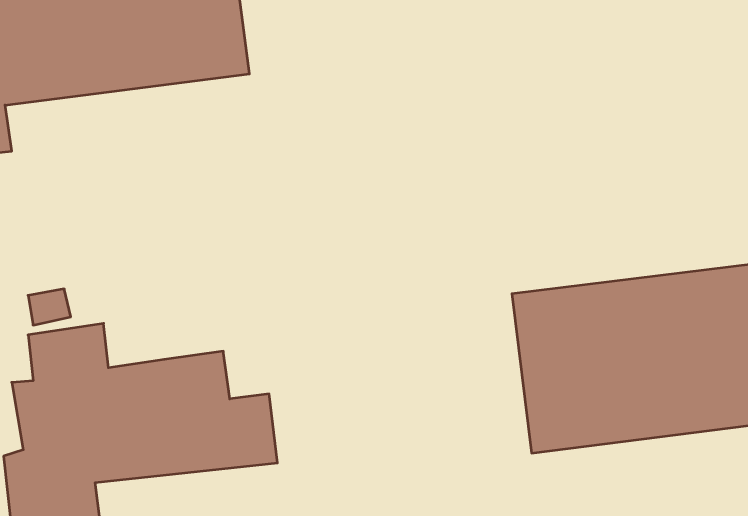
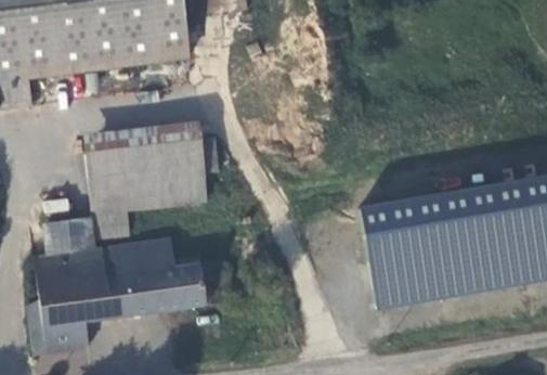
building: none -> [83,124,220,248]

